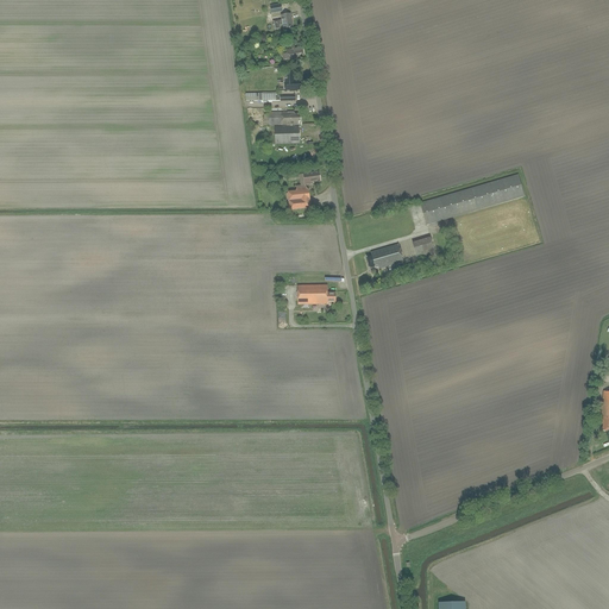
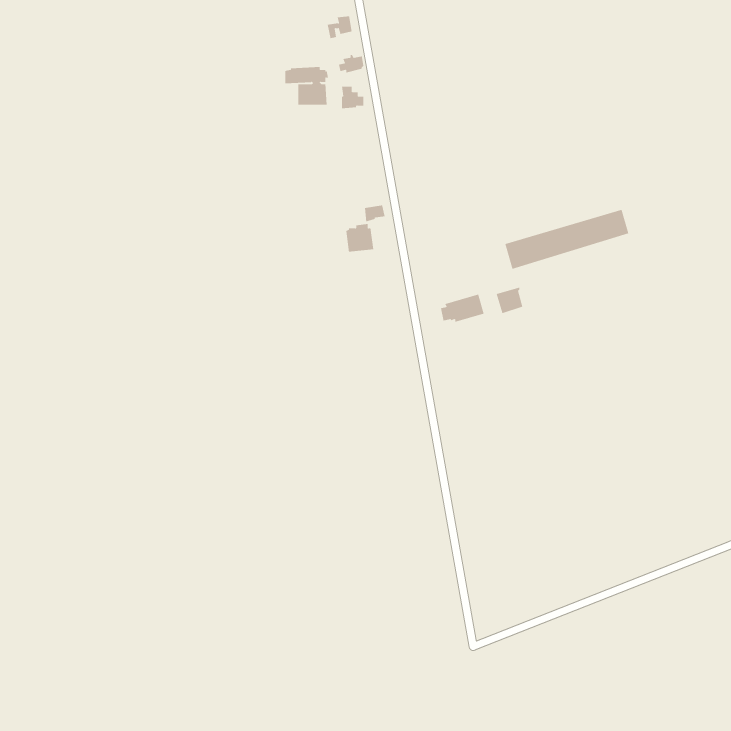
building: [263,111,300,143] -> [285,67,329,105]
building: [296,284,334,303] -> none

